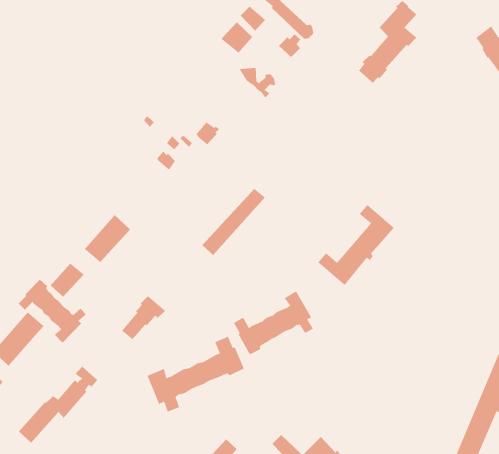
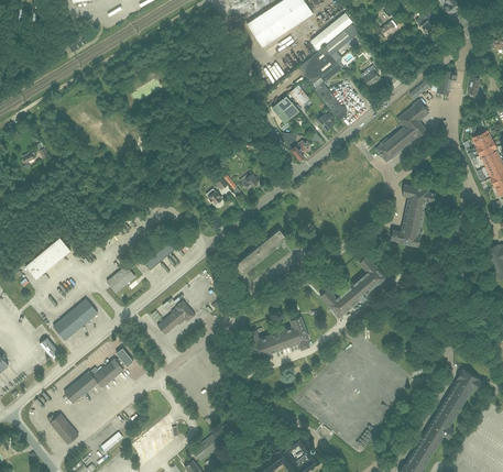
building: none -> [390,184,435,245]
building: [18,279,86,343] -> none
building: [147,336,244,413] -> none

